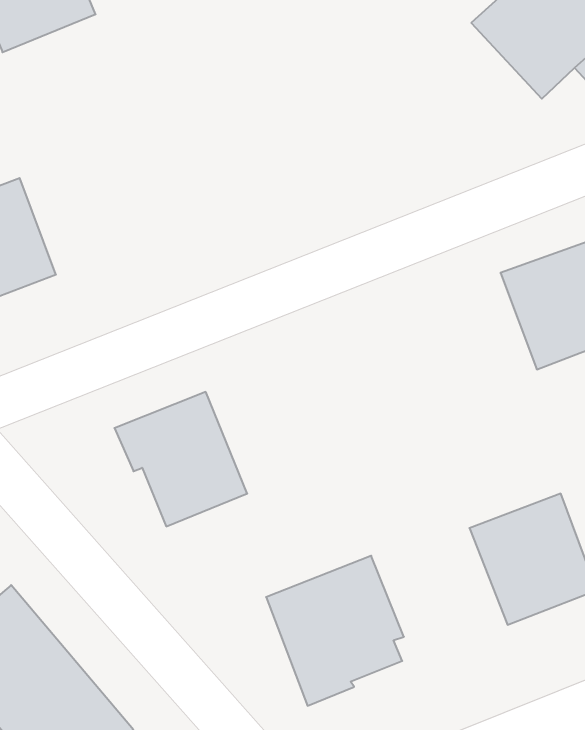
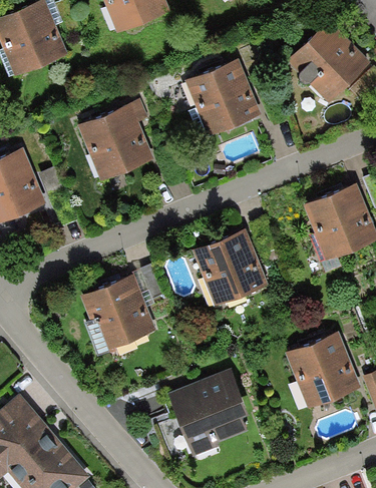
building: none -> [185,59,261,137]
building: none -> [76,98,153,182]
building: none -> [192,230,268,308]

